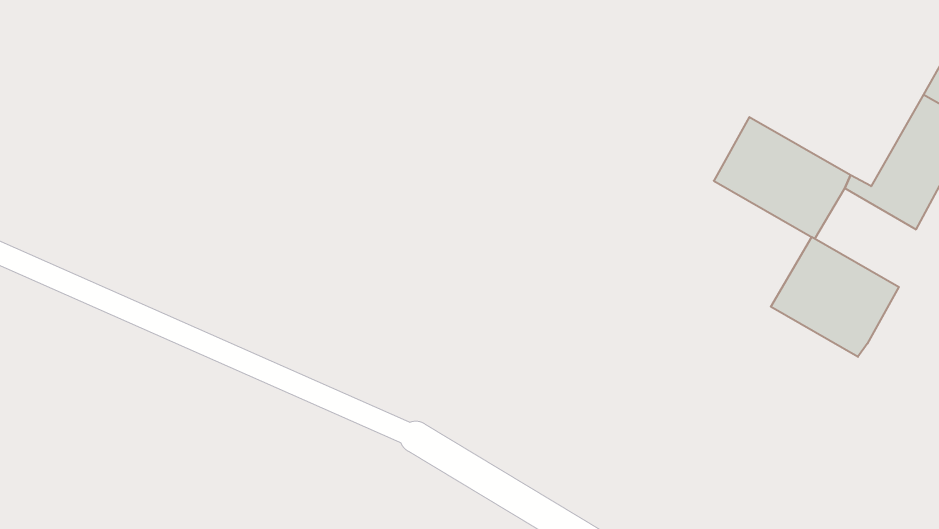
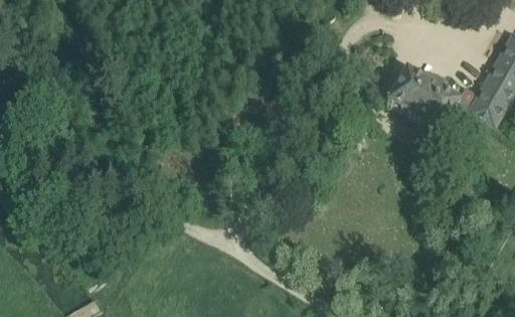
building: [771,237,899,357] -> none

